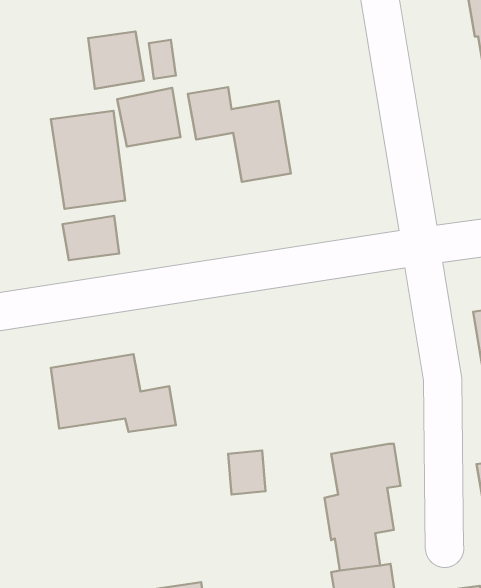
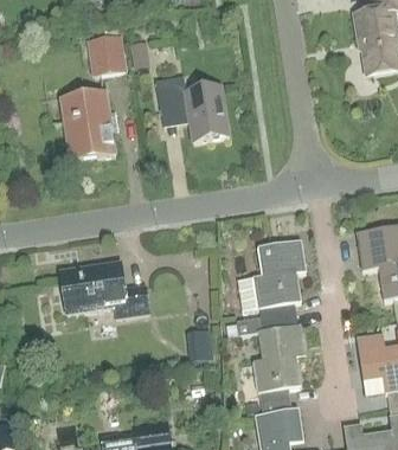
building: [117,88,181,146] -> none
building: [63,216,119,260] -> none
building: none -> [236,240,306,334]

